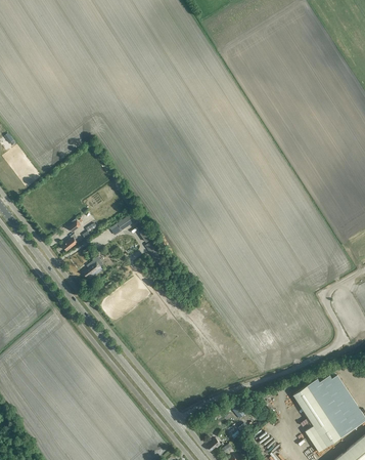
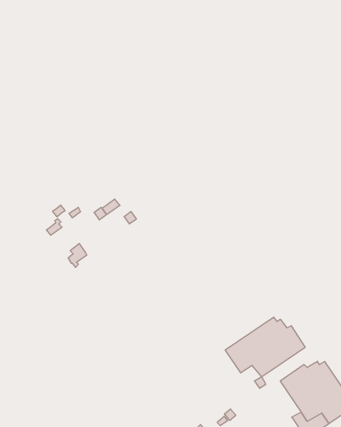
building: none -> [225,317,305,377]

